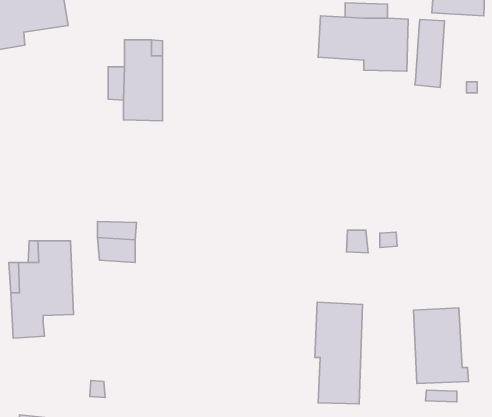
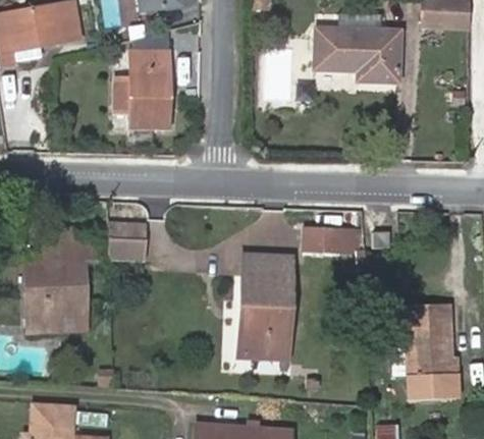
building: [415,19,444,88] -> none
building: none -> [305,229,344,252]
building: [315,302,363,404] -> [246,260,290,355]

